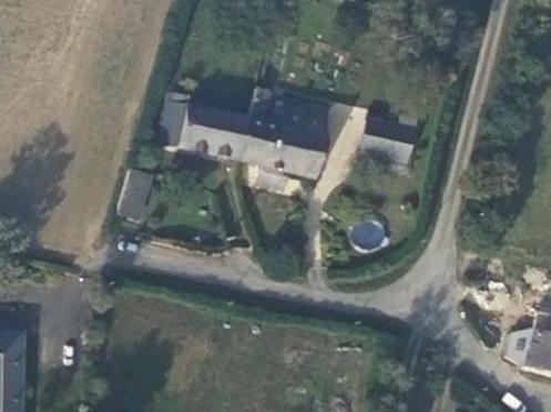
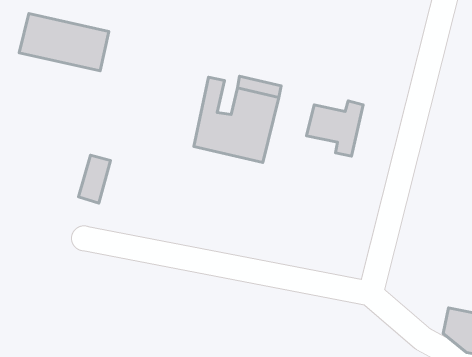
building: [157,100,251,160] -> [19,13,109,71]

